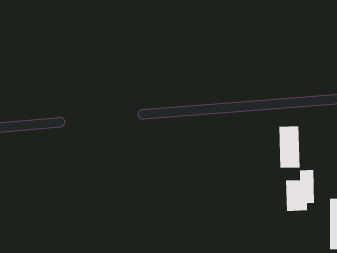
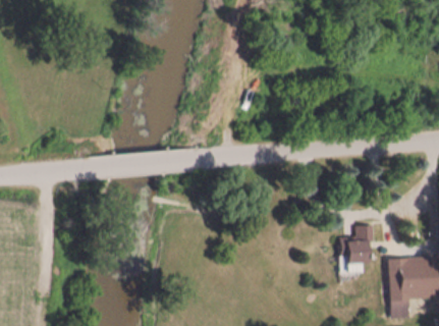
building: [279,125,300,169] -> none

